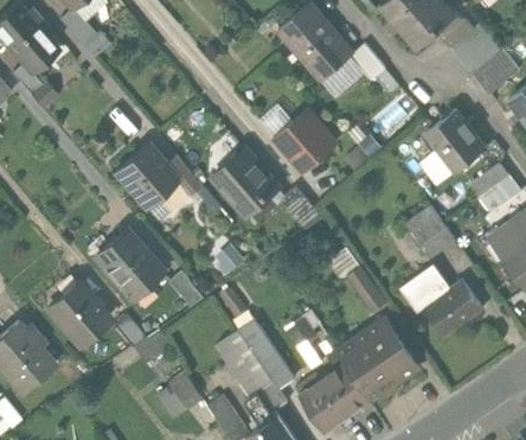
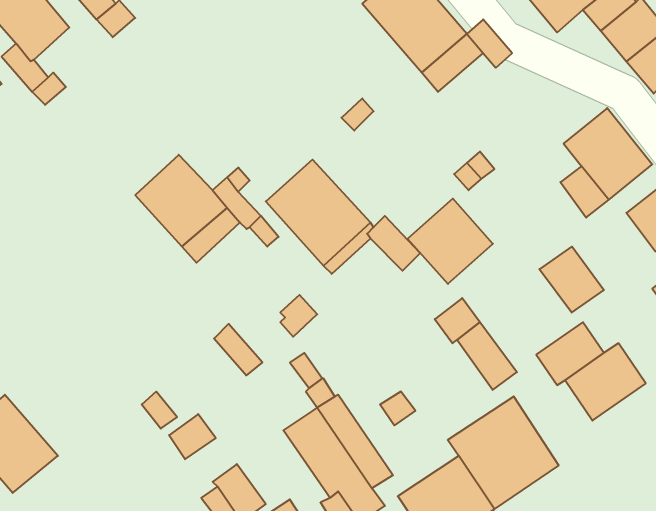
building: [274,110,336,173] -> [408,199,493,284]
building: [95,229,161,298] -> none
building: [43,279,108,345] -> none

